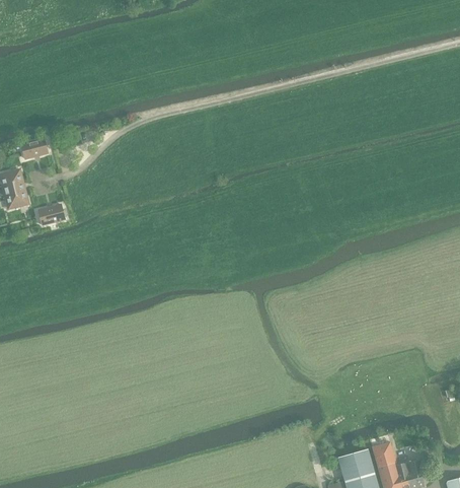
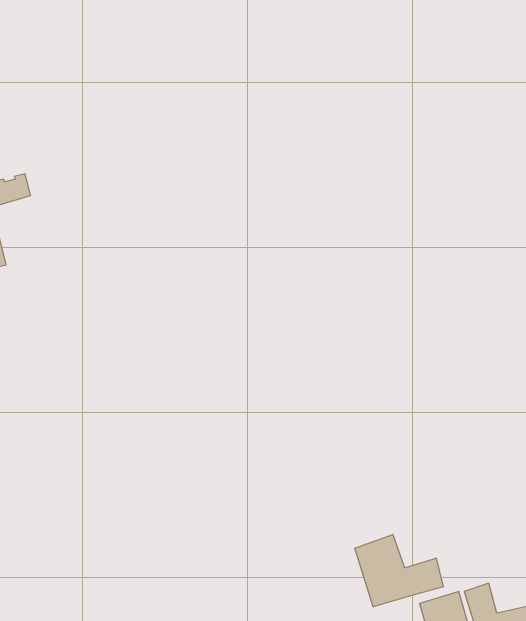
building: [37,202,65,224] -> none
building: none -> [355,534,443,607]

